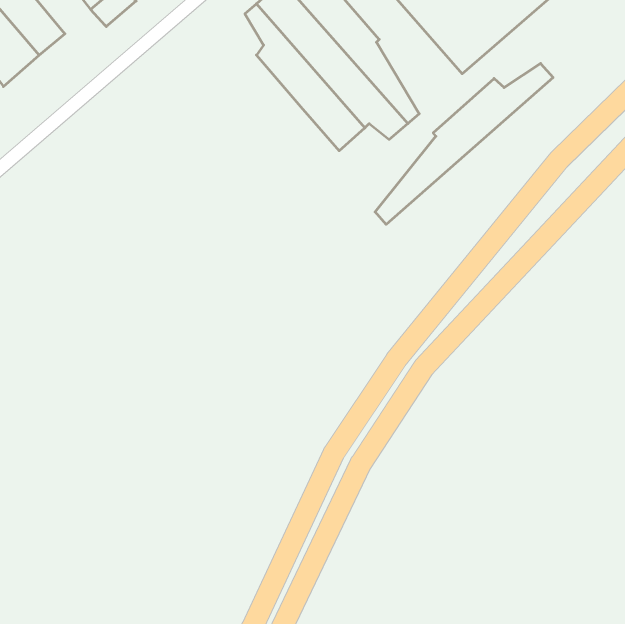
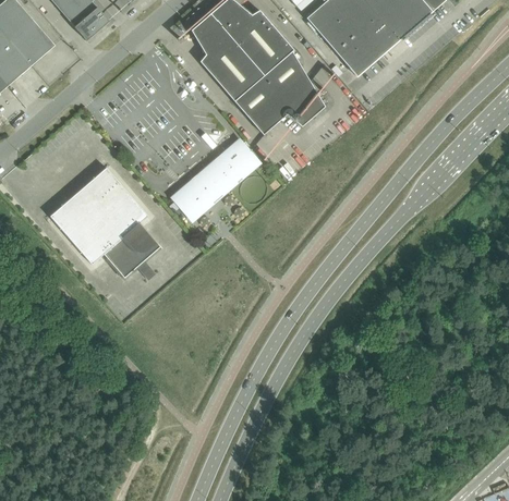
building: [375,63,553,224] -> none
building: none -> [178,140,257,215]
building: none -> [50,167,162,277]

